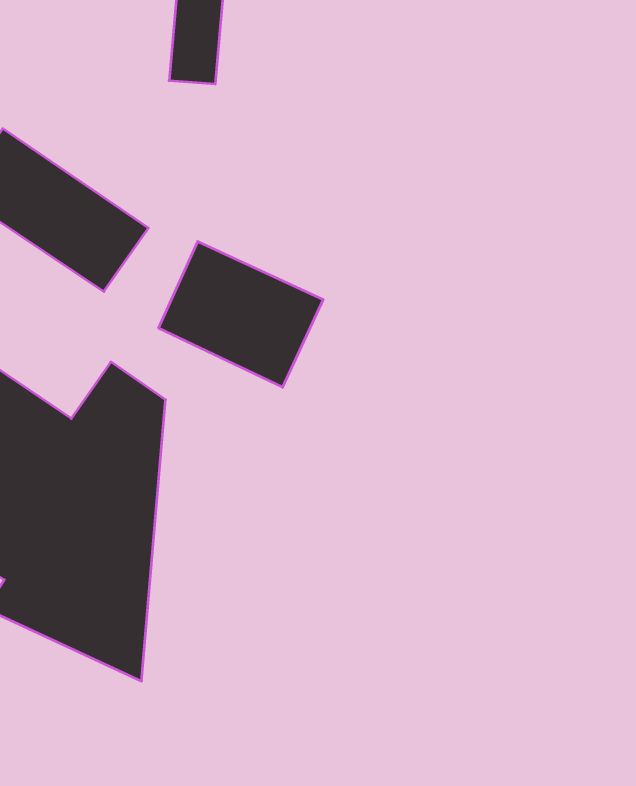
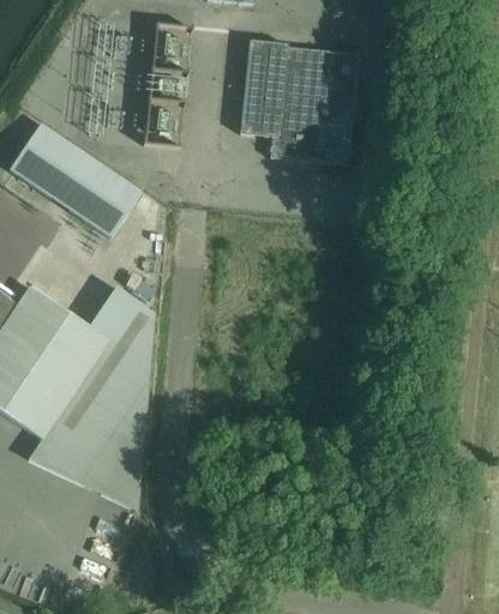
building: none -> [239,40,357,164]
building: [159,241,323,387] -> none

